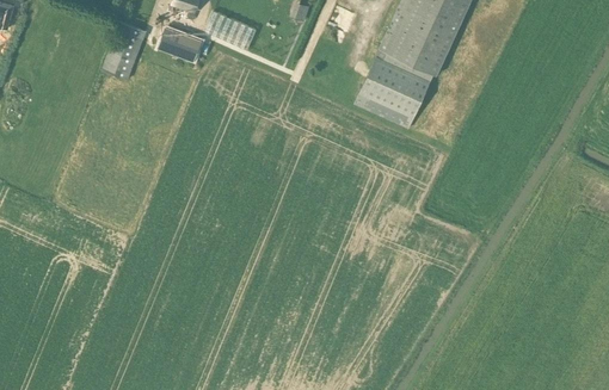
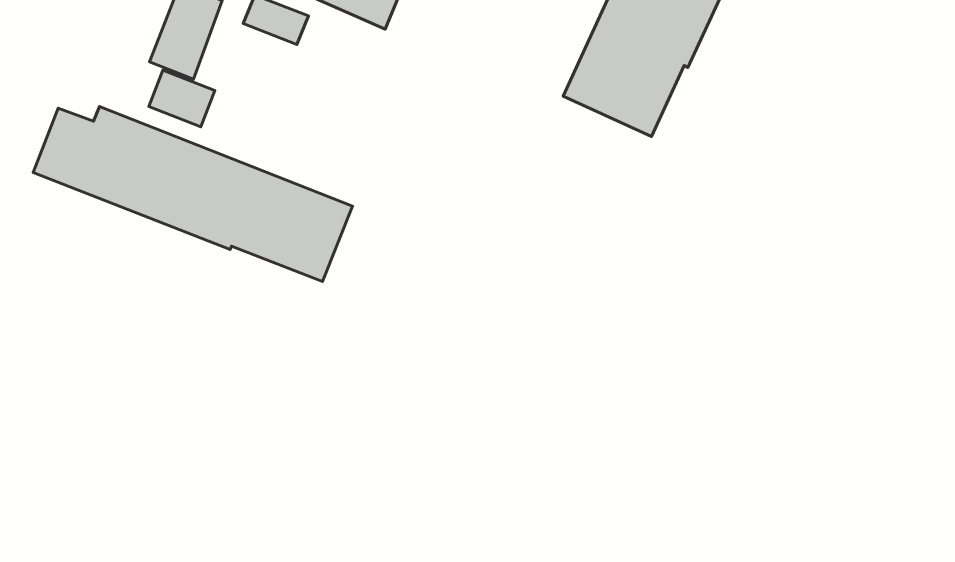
building: none -> [149,70,215,127]
building: none -> [33,107,352,282]

